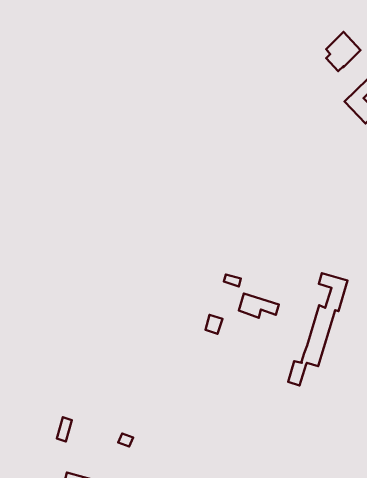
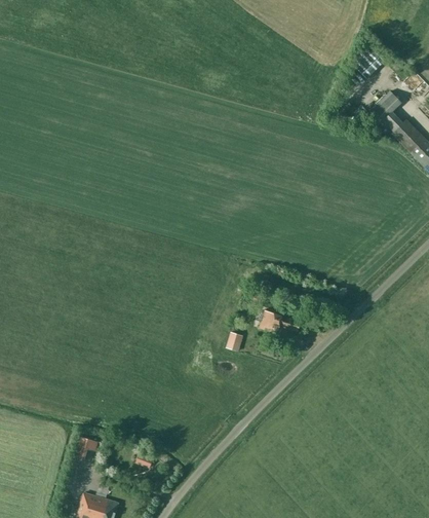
building: [288,273,347,385] -> none

